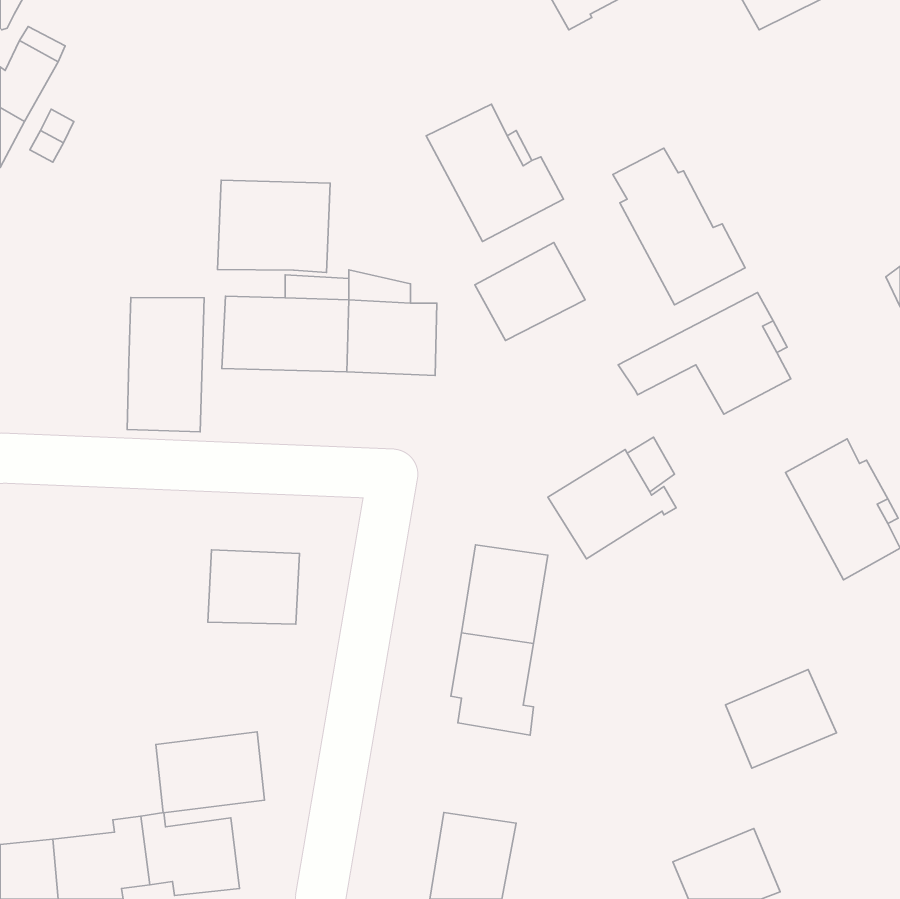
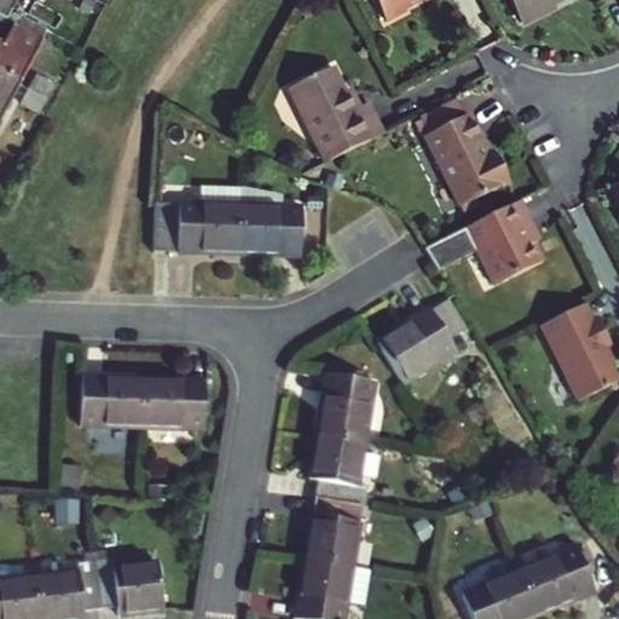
building: [217,180,330,272] -> none
building: [475,243,585,341] -> none
building: [127,297,204,432] -> none
building: none -> [81,376,145,427]
building: [725,669,836,768] -> [517,544,594,612]
building: none -> [305,496,364,565]
building: [156,732,265,813] -> none

